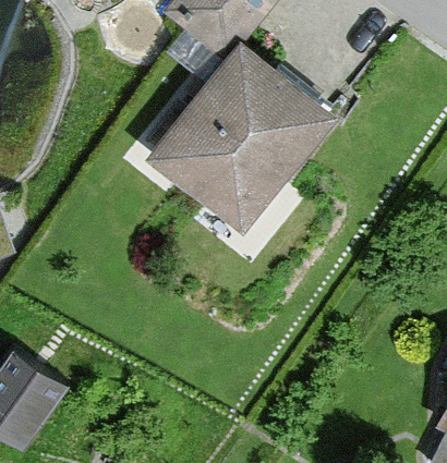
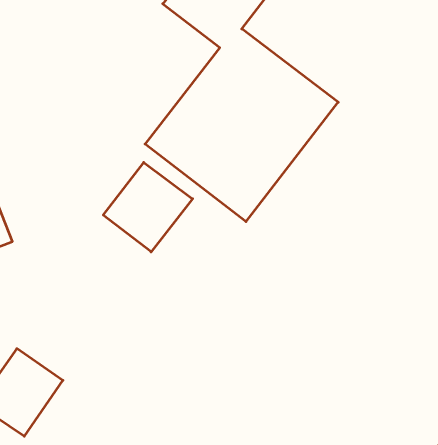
building: none -> [103,162,193,252]

